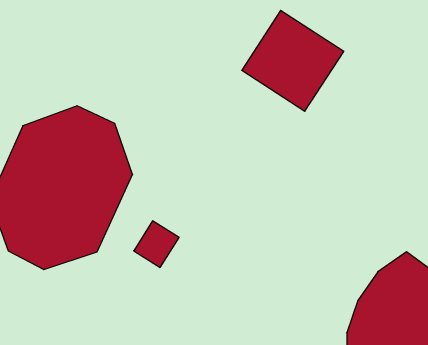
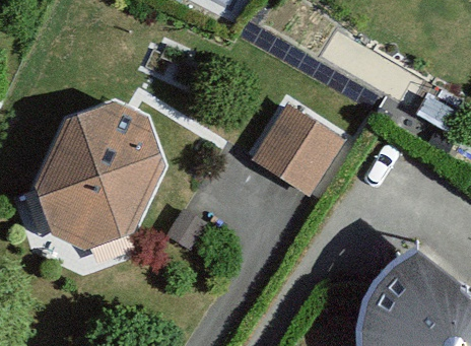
building: [242,10,344,111] -> [252,105,345,197]

